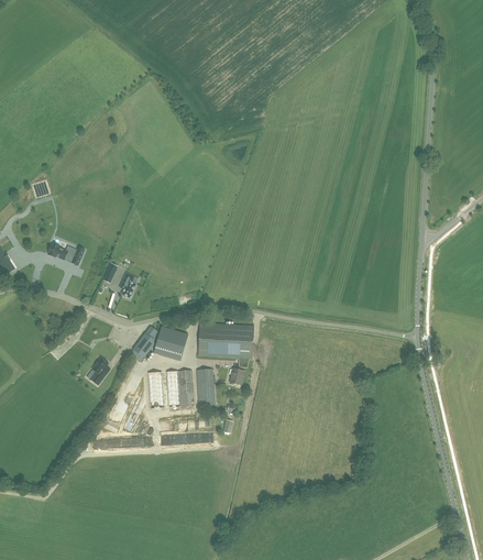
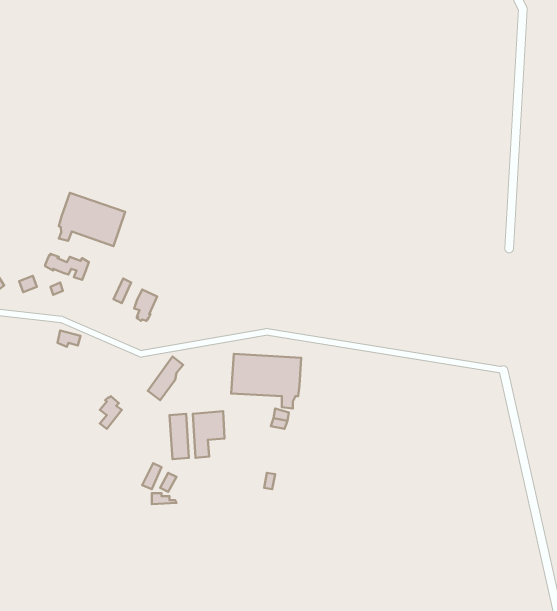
building: none -> [59,193,125,246]
building: [153,325,187,359] -> none
building: [196,367,215,404] -> none

